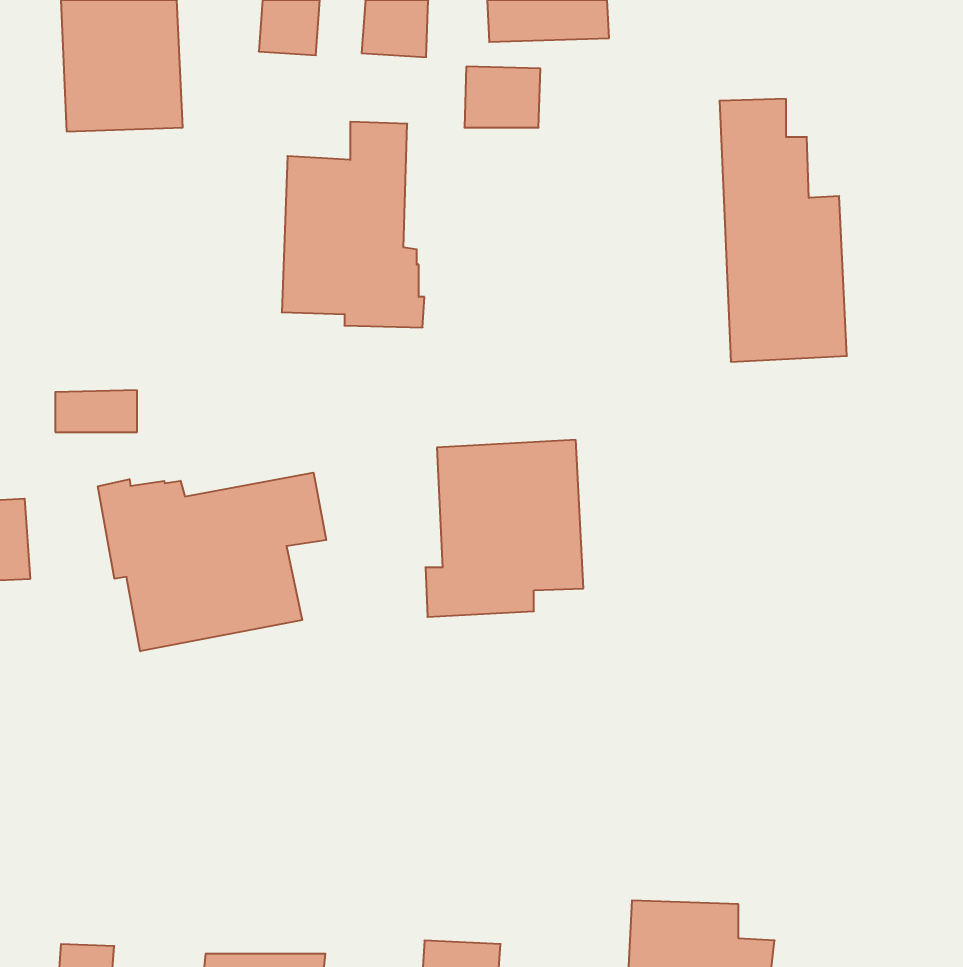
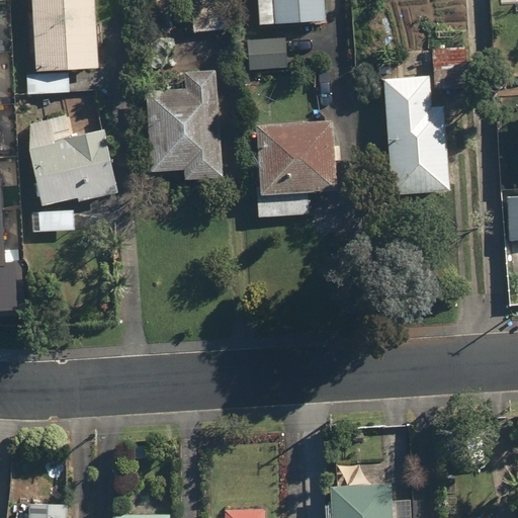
building: none -> [24,109,117,204]
building: [425,440,583,617] -> [252,120,336,214]
building: [98,473,326,651] -> none

